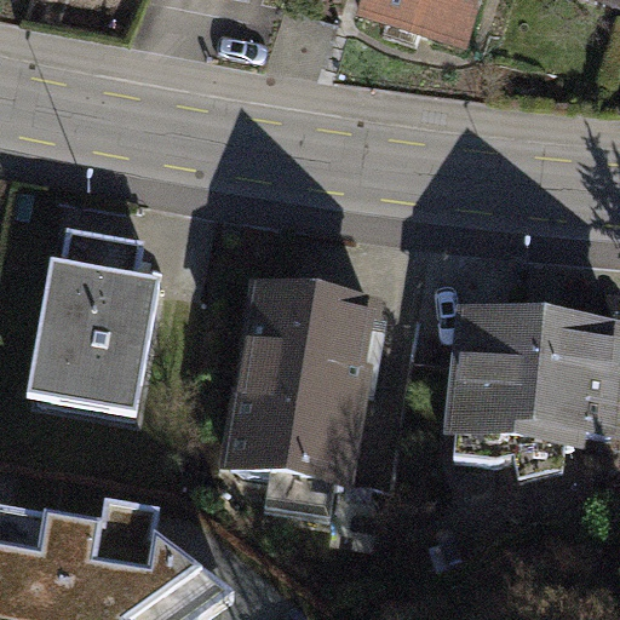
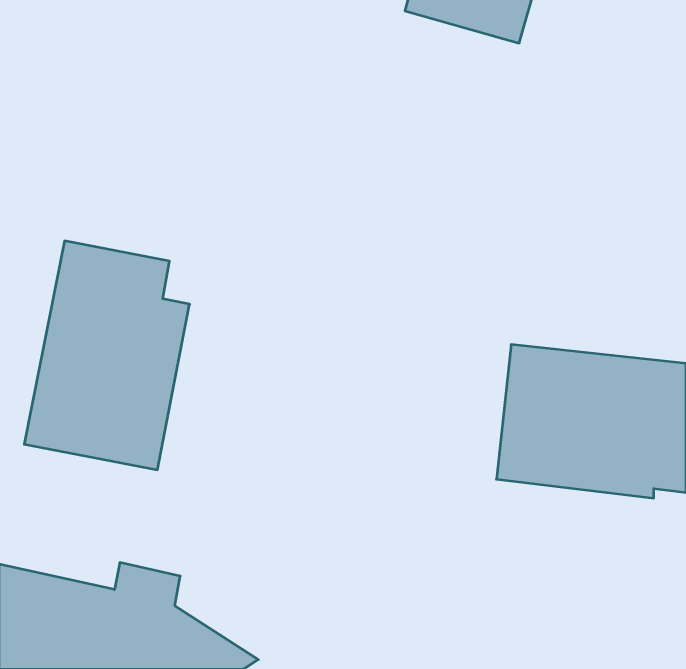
building: [218,279,386,498] -> none

